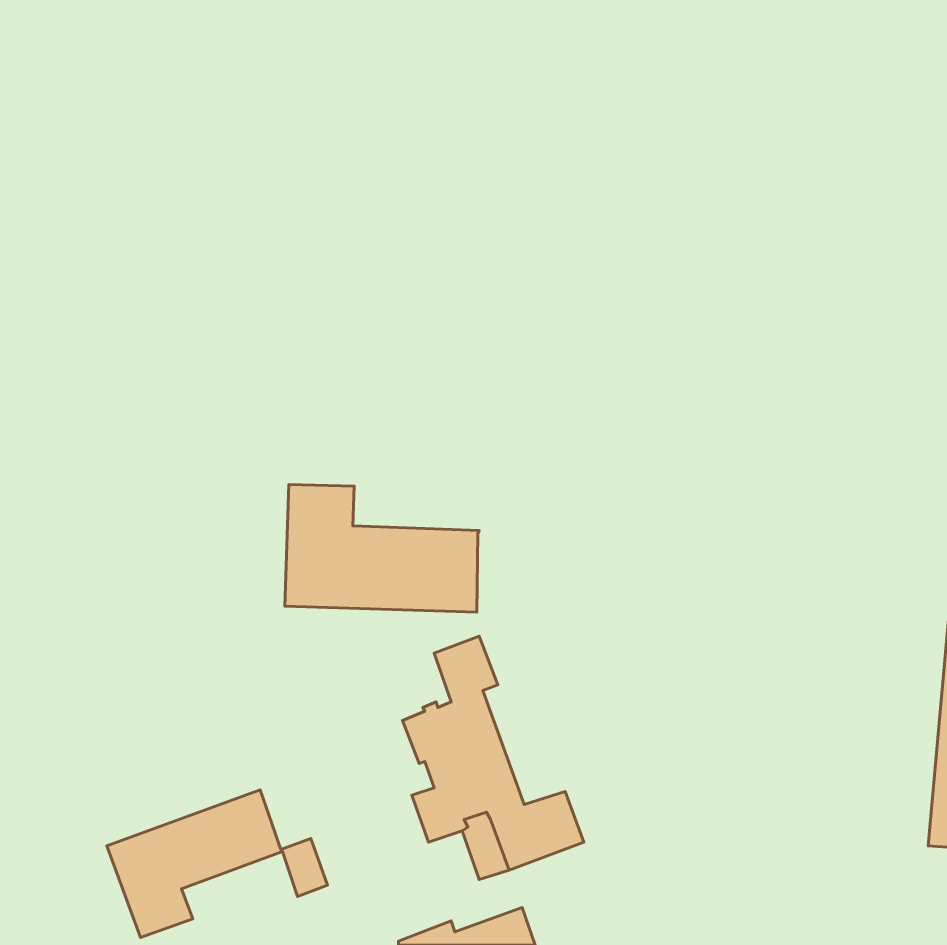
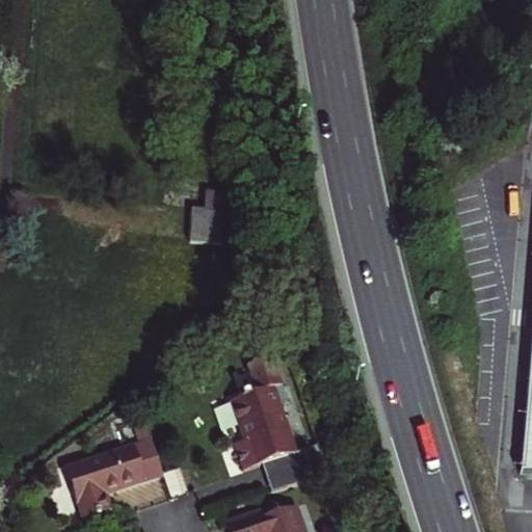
building: none -> [194,205,224,238]
building: [285,485,479,612] -> none

